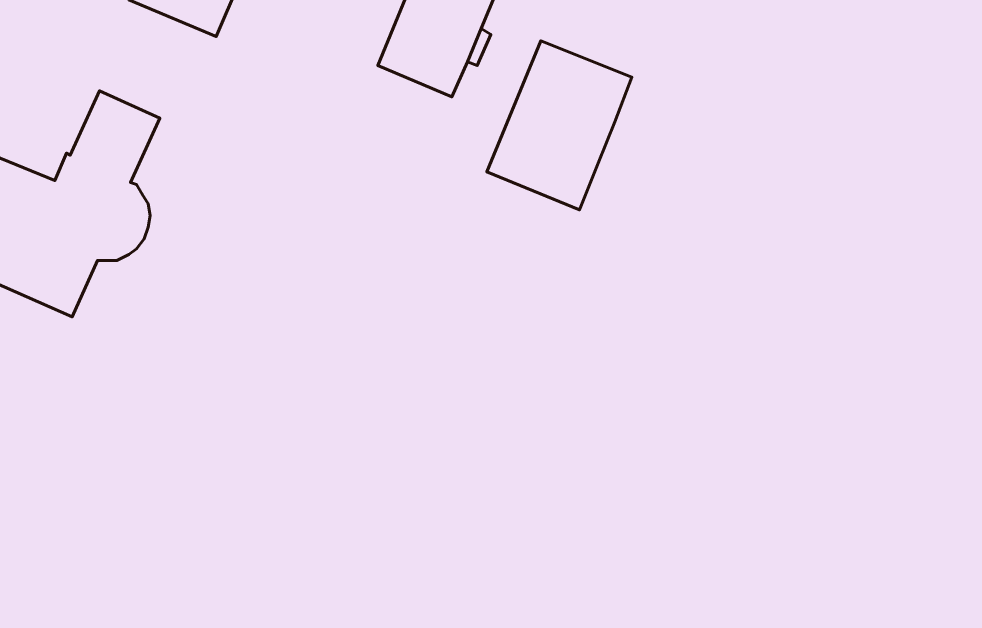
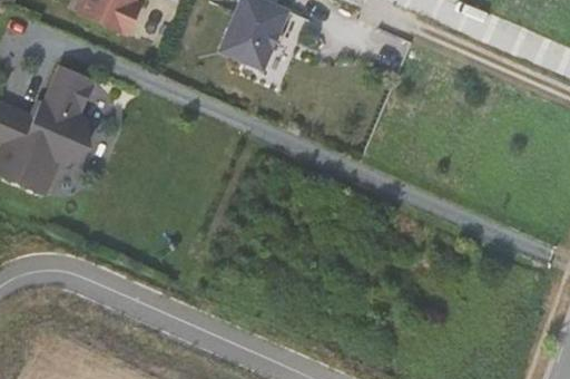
building: [487,41,632,210] -> none

